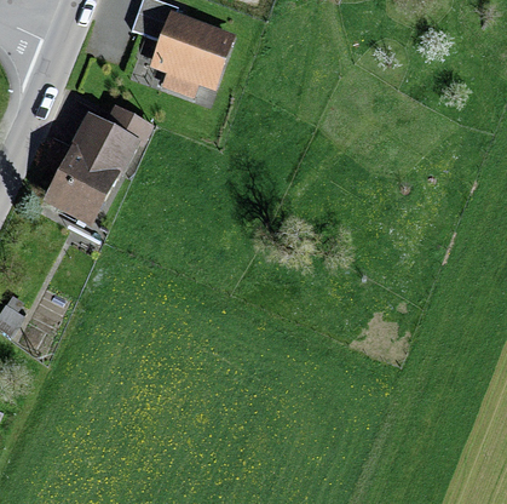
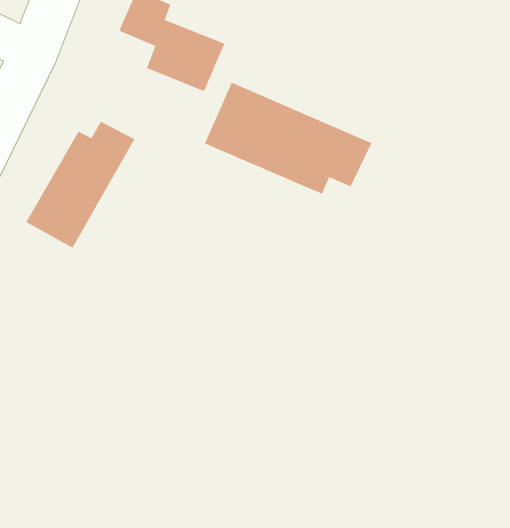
building: none -> [204,82,372,194]

